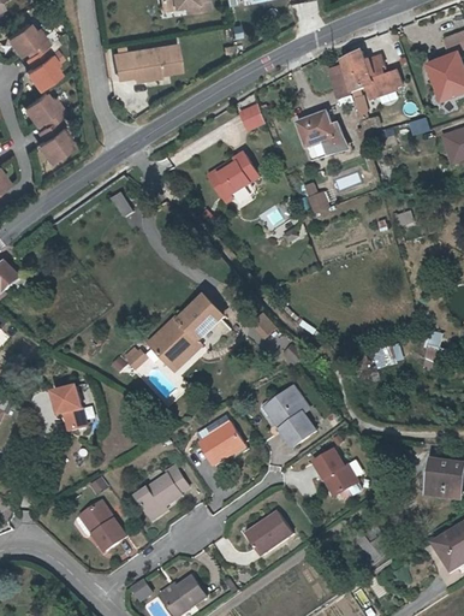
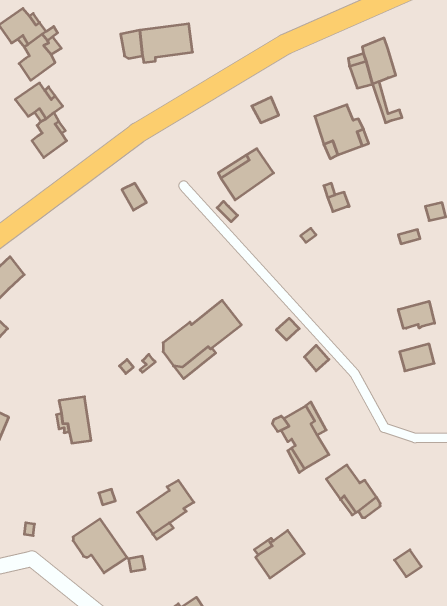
building: [367,55,404,100] -> none
building: none -> [398,301,435,328]
building: [194,416,244,466] -> none

